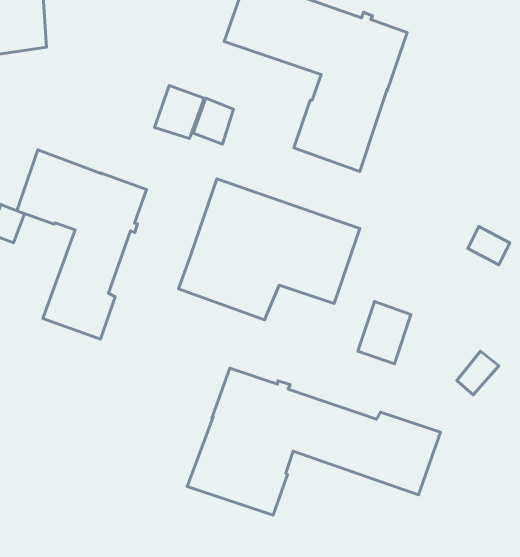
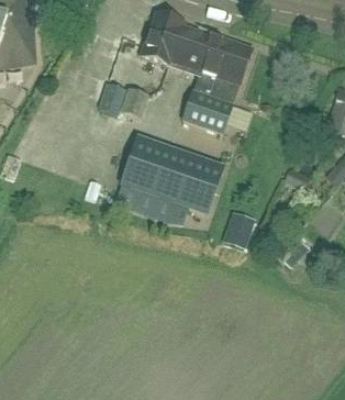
building: [17,150,146,339] -> none
building: [187,368,440,515] -> none

